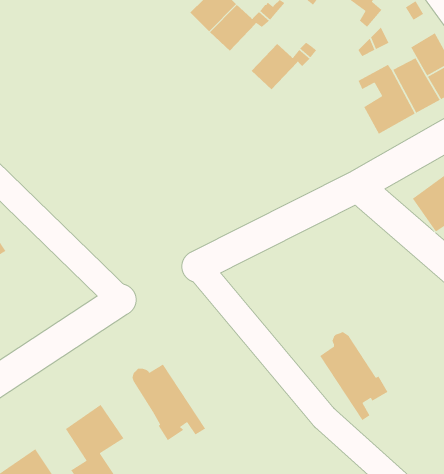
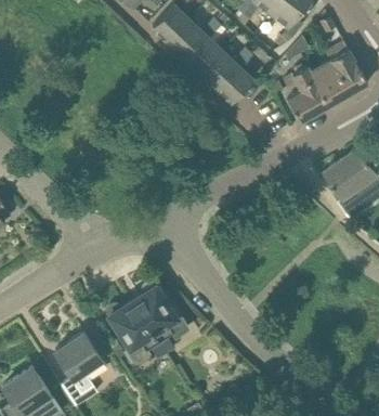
building: none -> [184,35,221,72]
building: none -> [217,65,253,102]
building: [319,331,389,421] -> [132,281,186,351]

